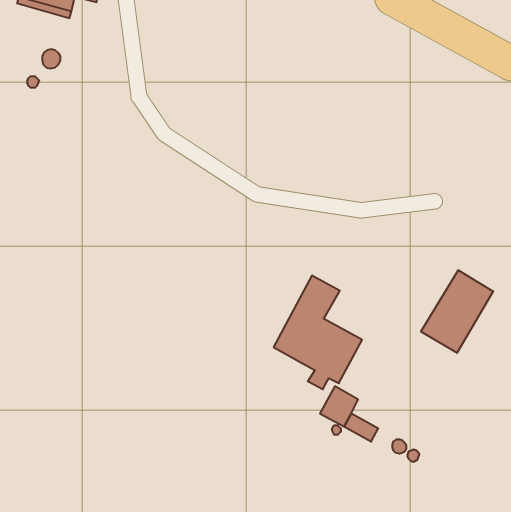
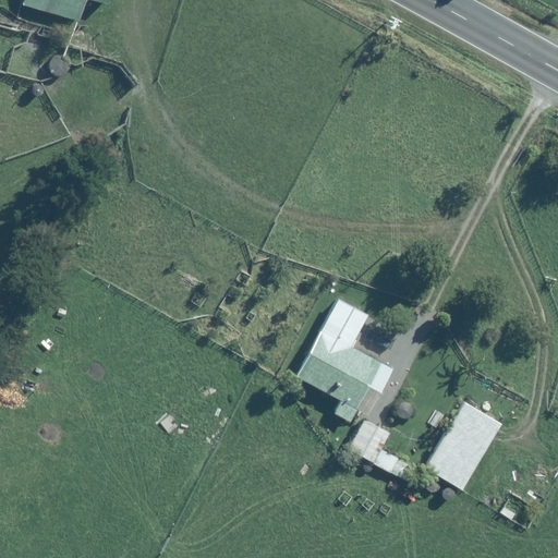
building: [421,270,493,353] -> [423,401,501,490]

